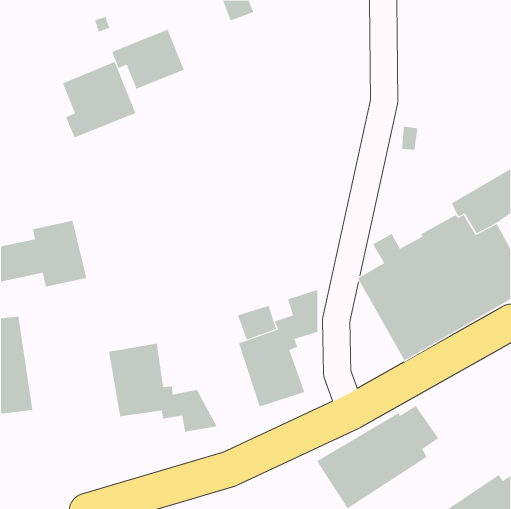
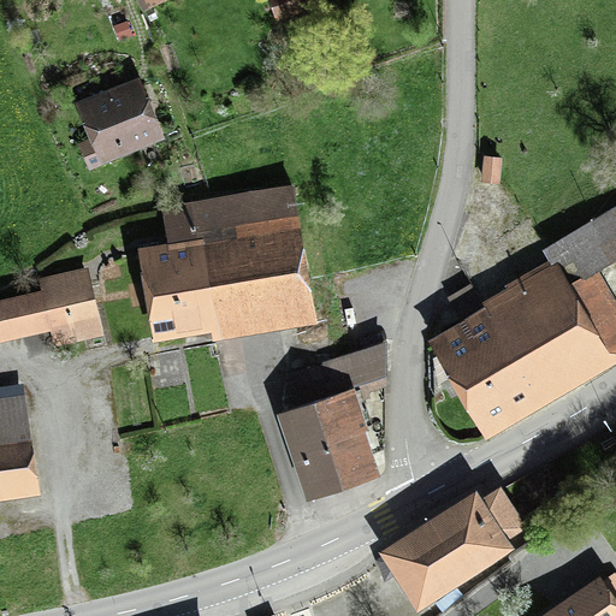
building: [112,29,185,89] -> none
building: none -> [138,183,318,340]
building: [109,343,218,433] -> none

